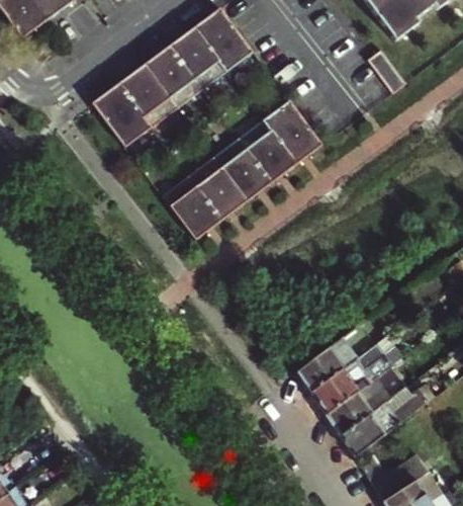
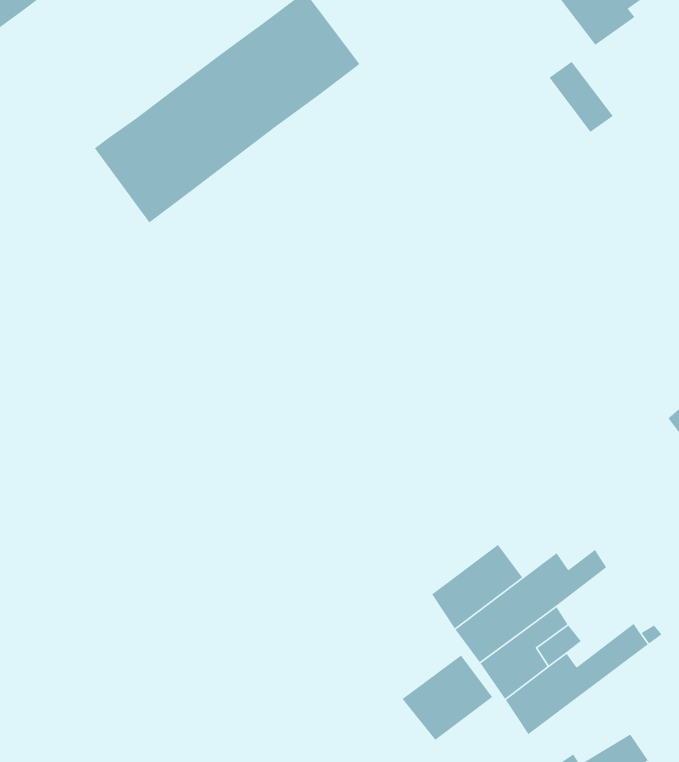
building: [163,99,323,239] -> none
building: none -> [401,655,493,741]

